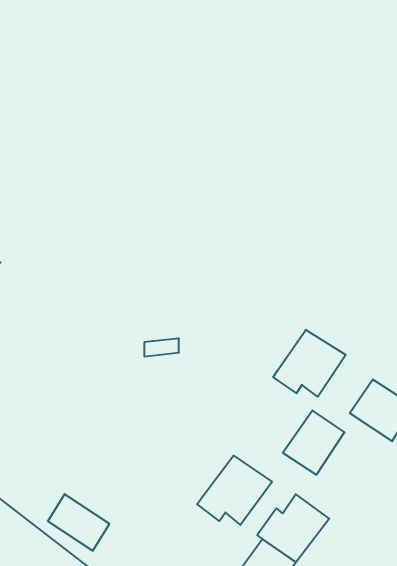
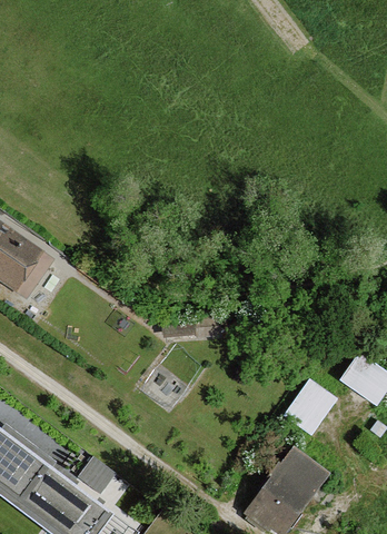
building: [273,330,346,397] -> none
building: [197,456,272,525] -> none

